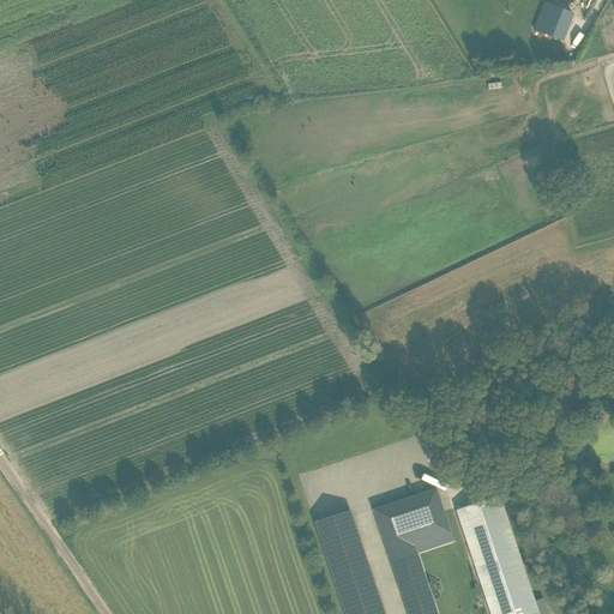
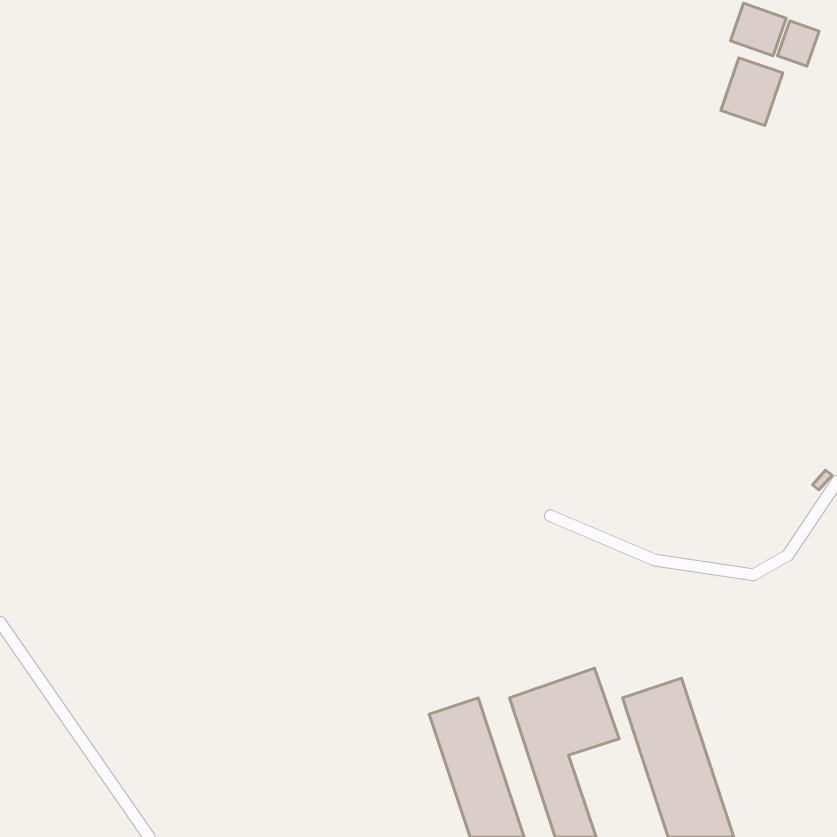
building: none -> [778,21,819,66]
building: none -> [721,58,783,126]

